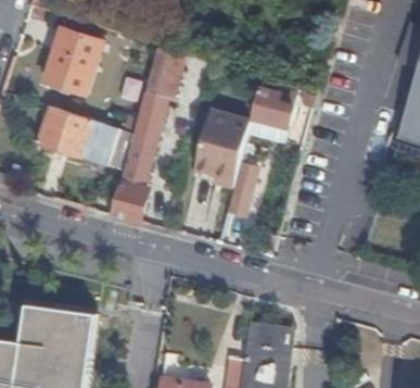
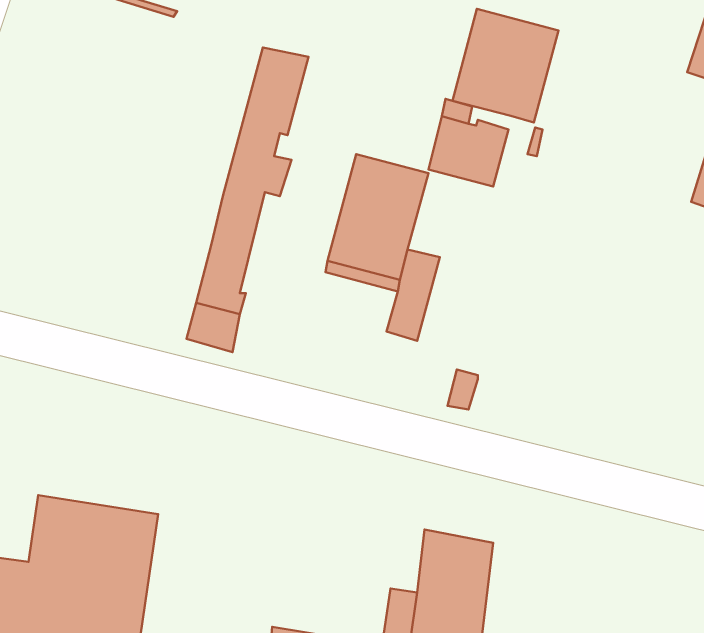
building: none -> [452,9,559,122]
building: [43,28,101,96] -> none
building: [37,107,132,165] -> none

